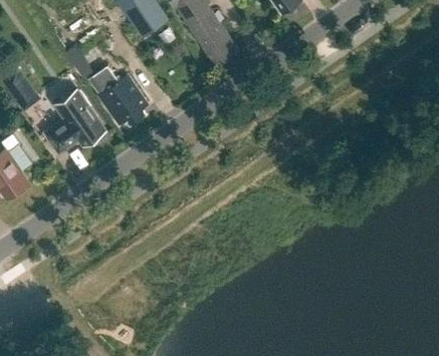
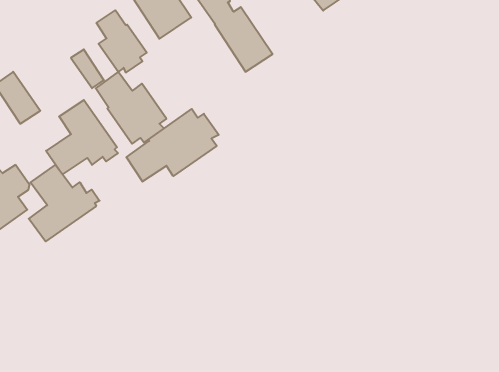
building: none -> [97,10,147,73]
building: none -> [126,109,219,182]
building: none -> [29,165,100,241]

